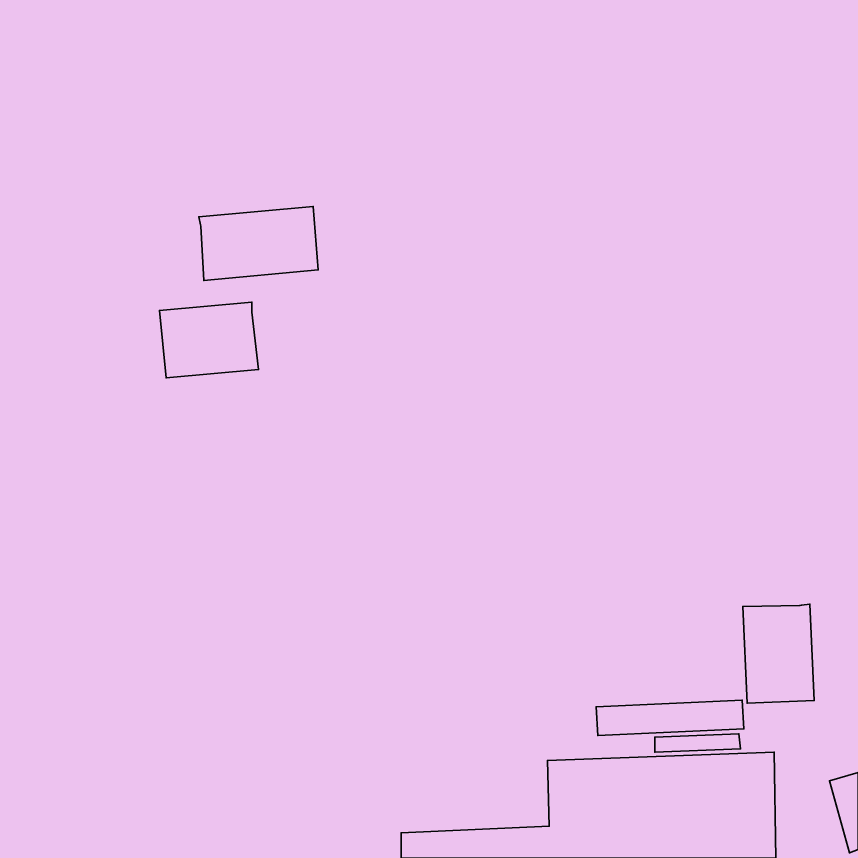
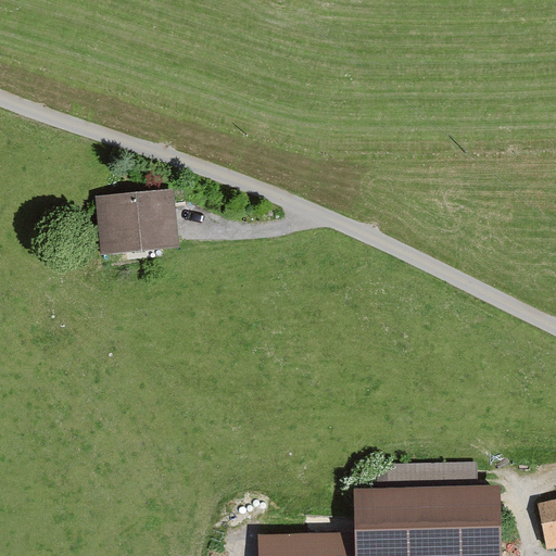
building: [199,207,318,280] -> none
building: [743,604,814,703] -> none

